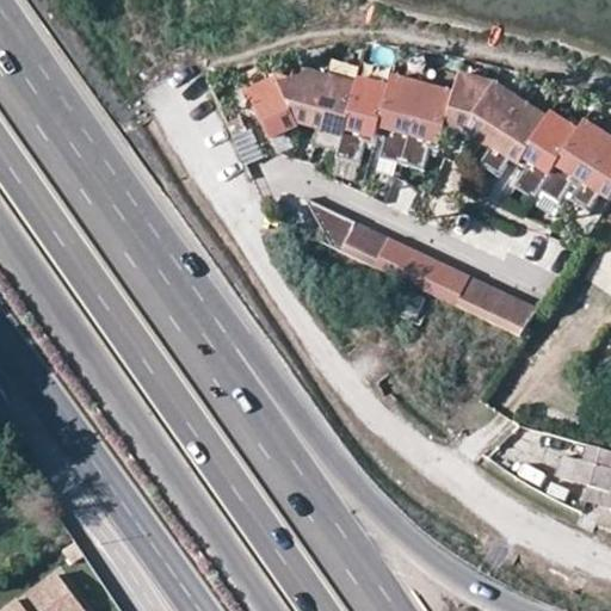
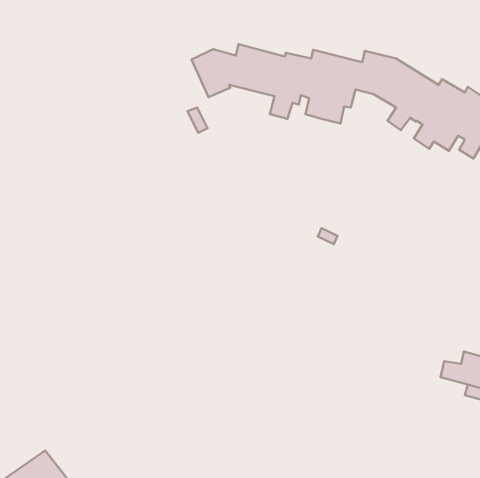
building: [309,206,542,340] -> none

